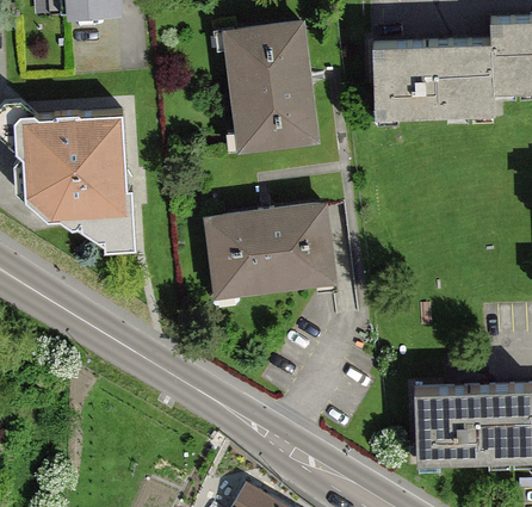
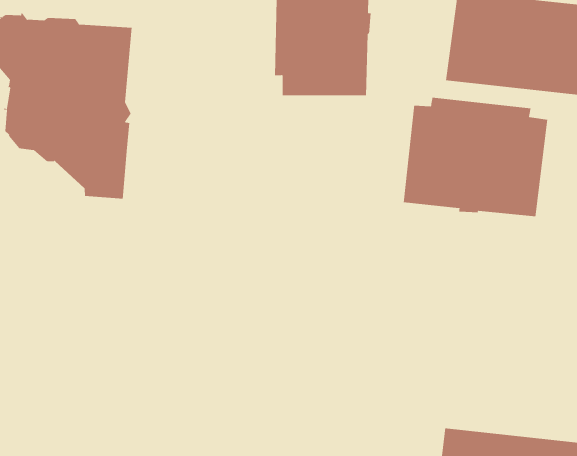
building: none -> [403,97,548,217]
building: [206,205,329,291] -> none

